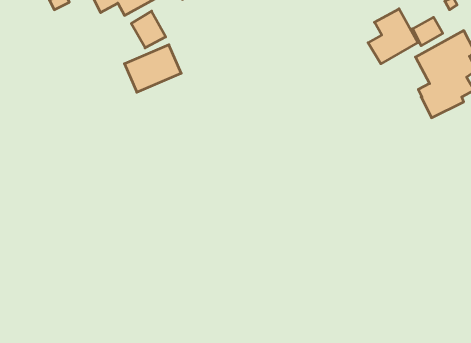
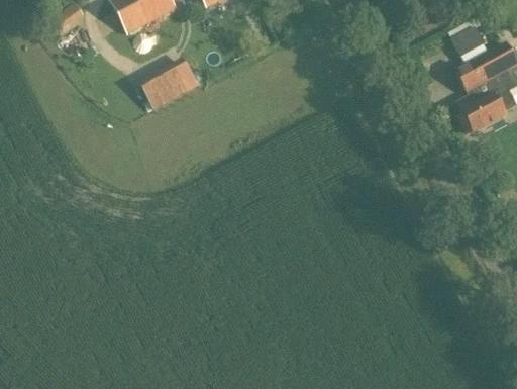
building: [368,9,418,64] -> none
building: [131,11,166,48] -> none

